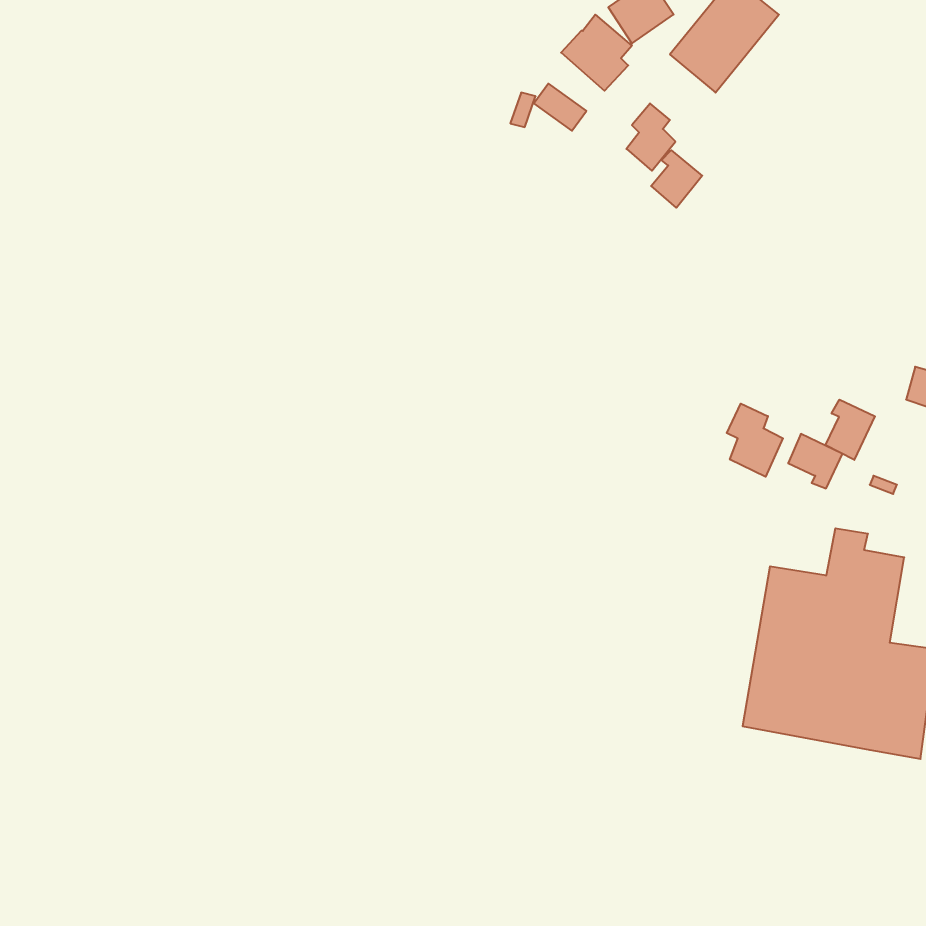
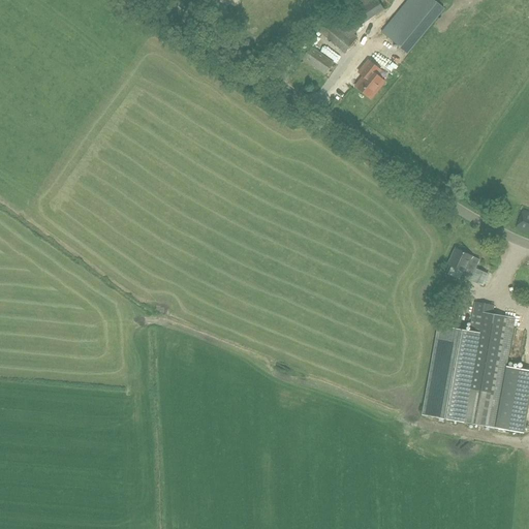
building: [651,150,702,208] -> none
building: [826,400,875,460] -> none
building: [727,404,783,477] -> none

